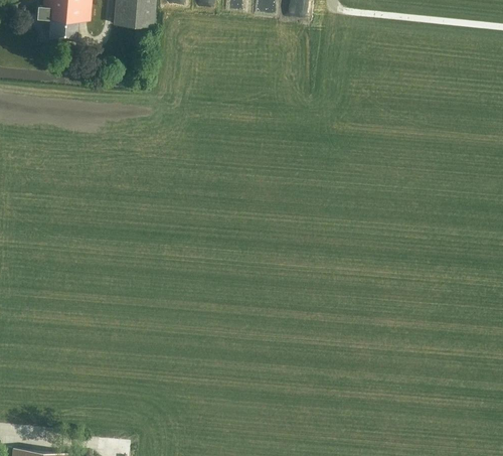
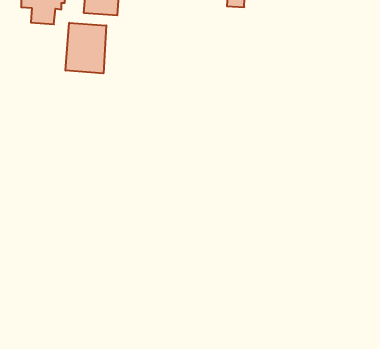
building: none -> [66,23,106,73]

